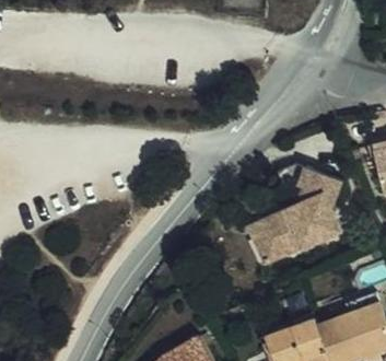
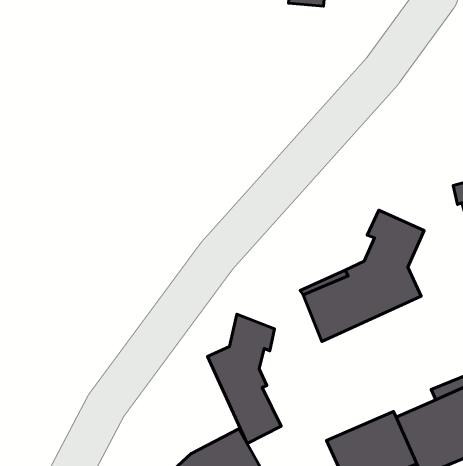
building: none -> [208,314,281,444]

